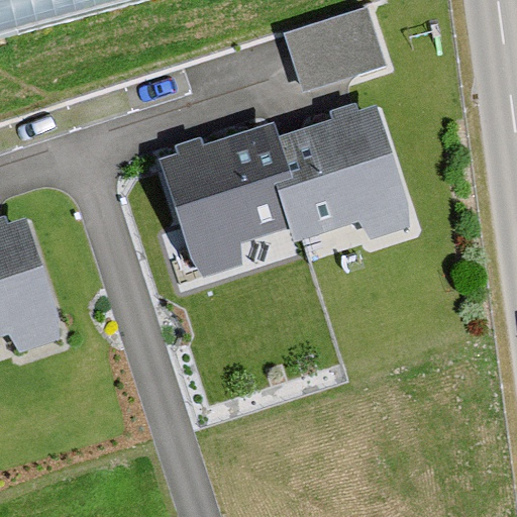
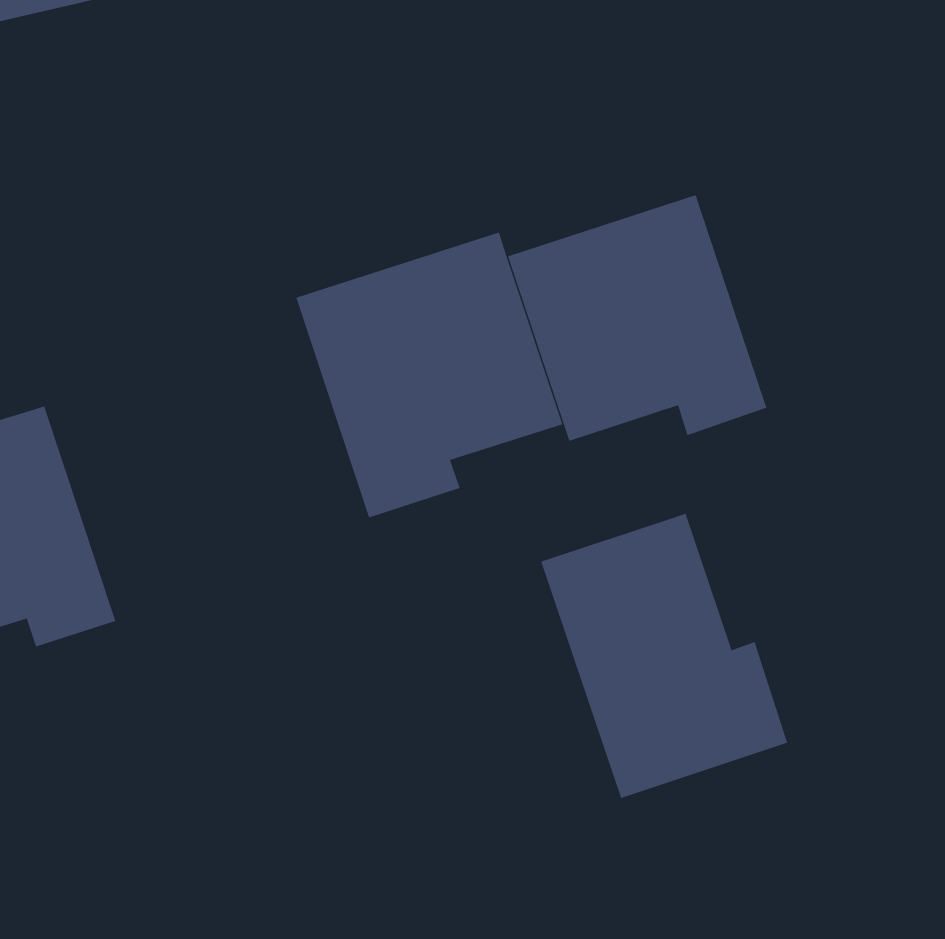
building: [283,5,387,90] -> none
building: none -> [541,513,788,799]

